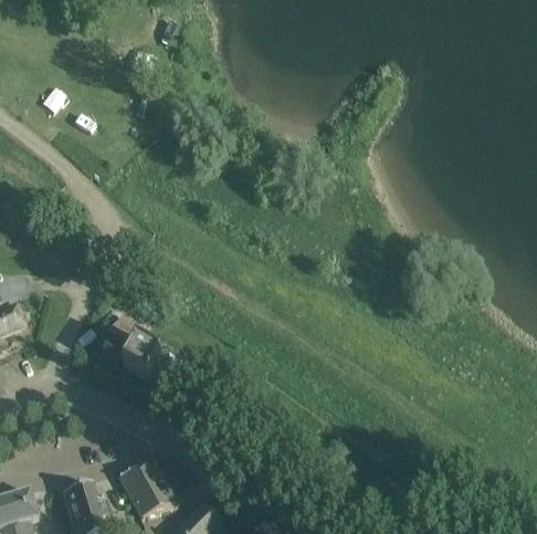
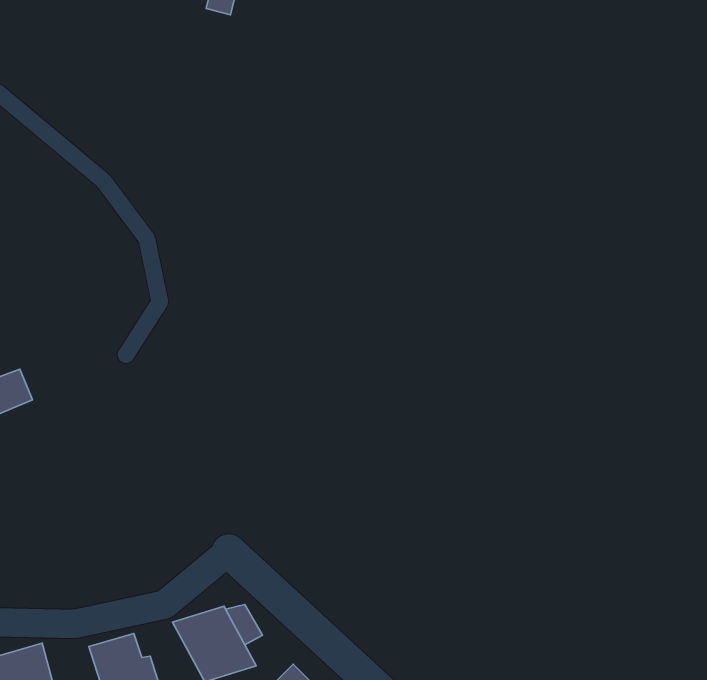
building: [93,315,160,385] -> none

